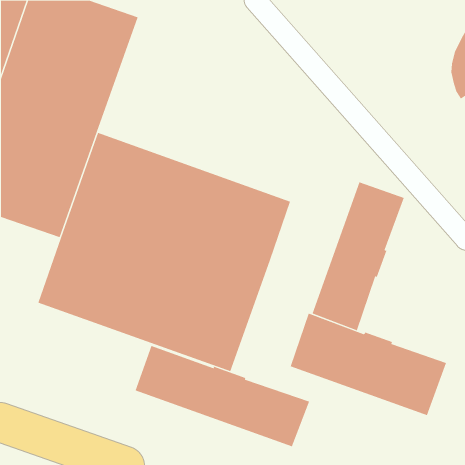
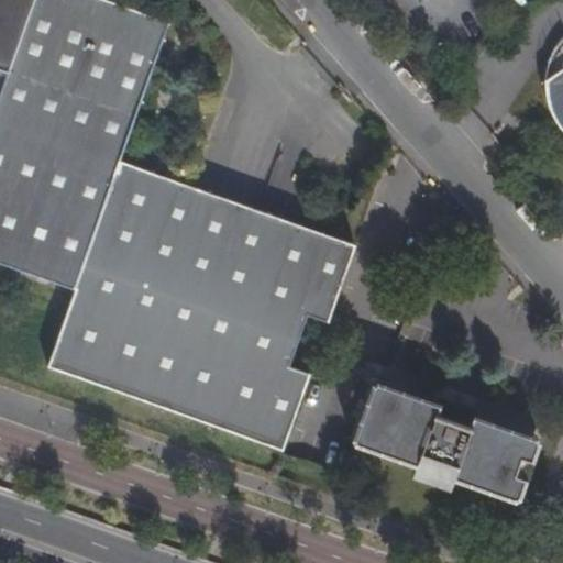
building: [312,182,404,331] -> none
building: [135,345,310,447] -> none

